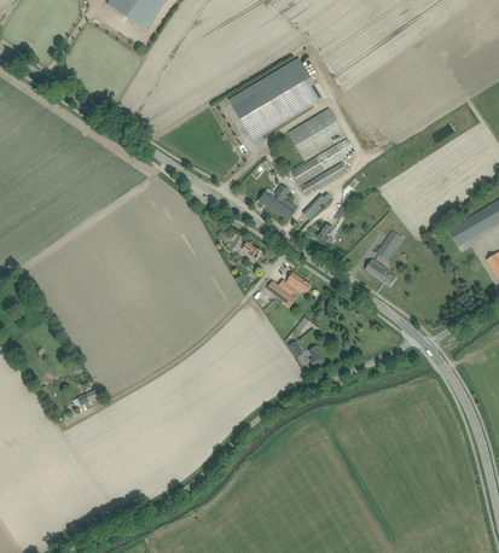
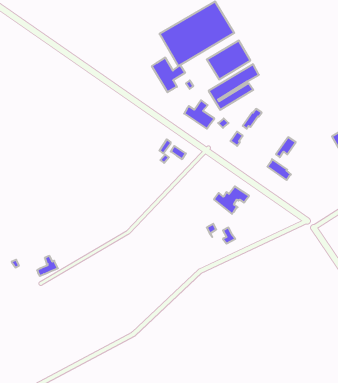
building: none -> [152,57,185,92]
building: [266,272,311,307] -> [214,186,249,214]

